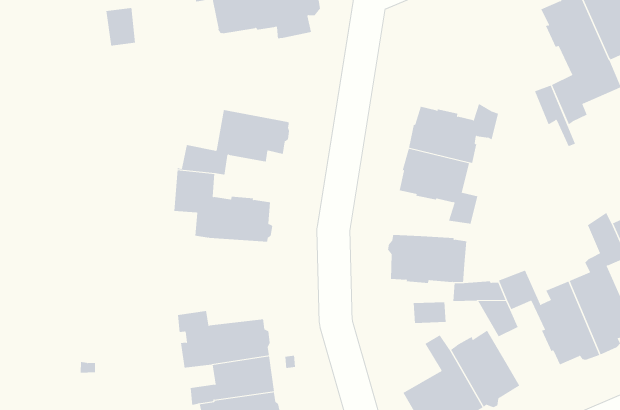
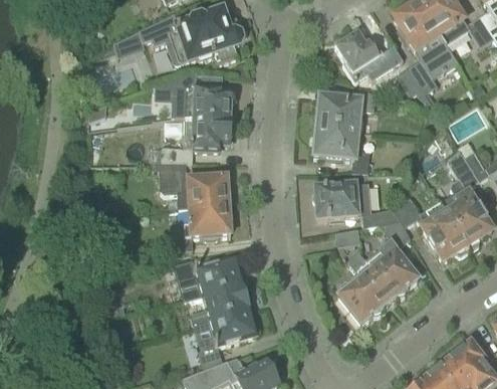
building: none -> [336,30,390,79]
building: none -> [165,71,236,119]
building: none -> [171,204,234,249]

